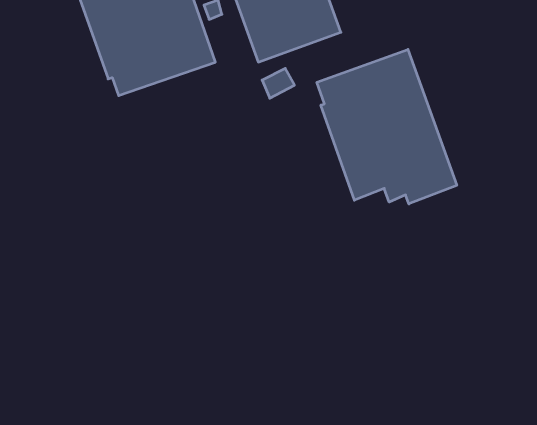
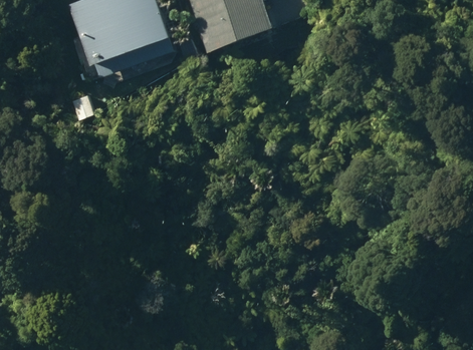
building: [317,49,457,204] -> none

